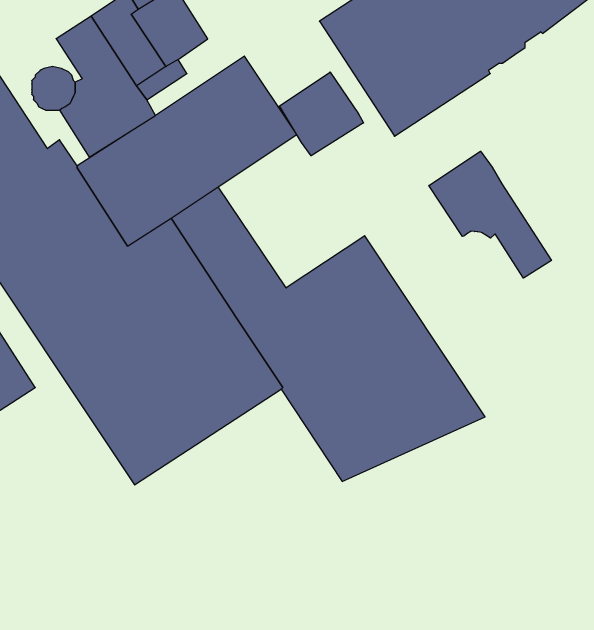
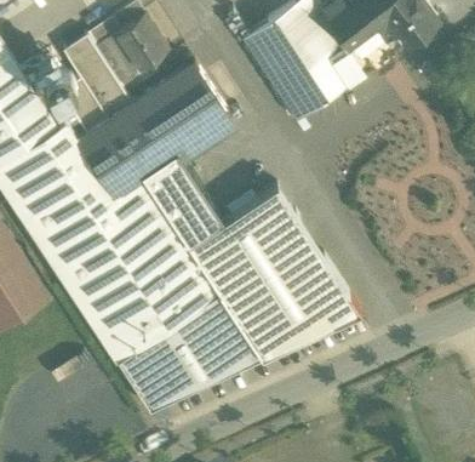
building: [279,72,364,156] -> none
building: [429,151,551,278] -> none
building: none -> [118,293,262,410]

